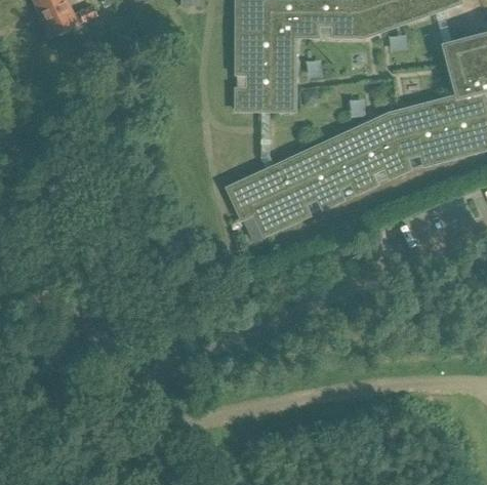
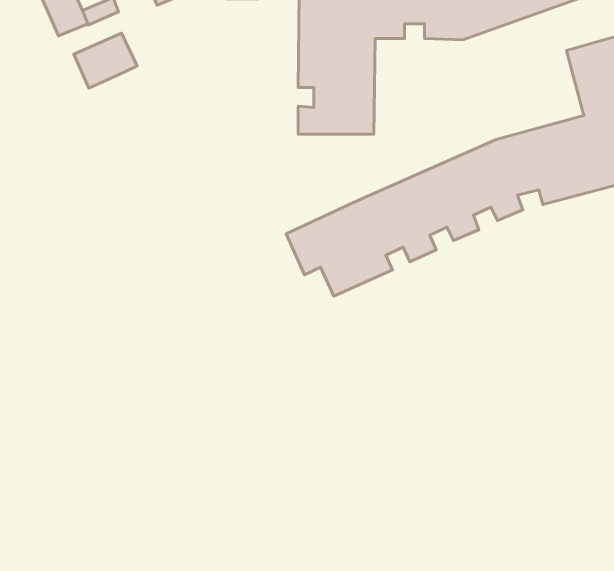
building: none -> [74,33,137,88]

